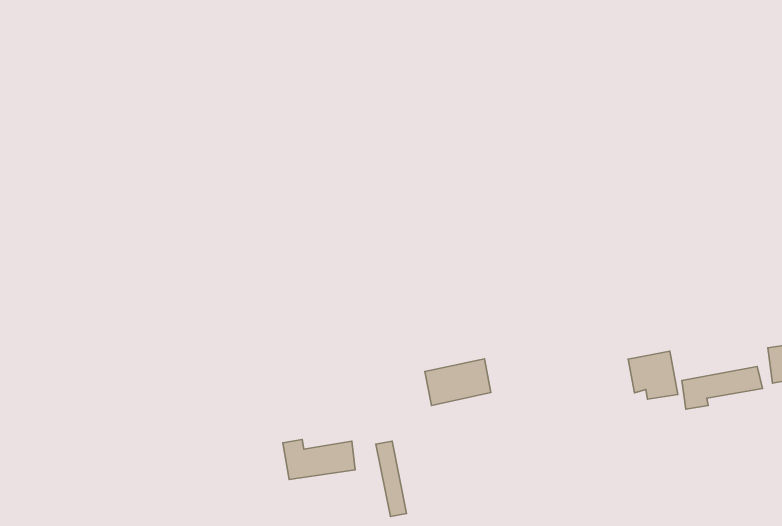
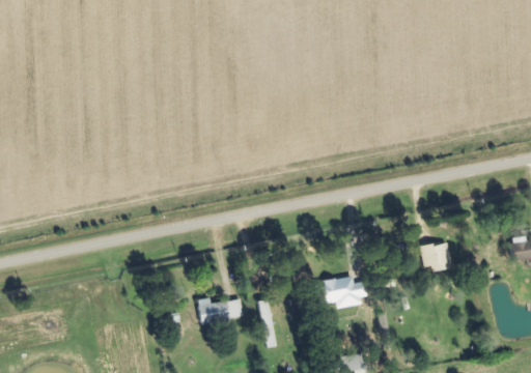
building: [425,359,491,405] -> [316,276,359,306]
building: [682,367,762,409] -> none

